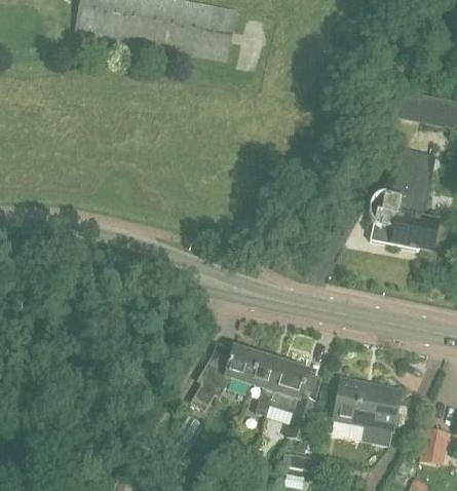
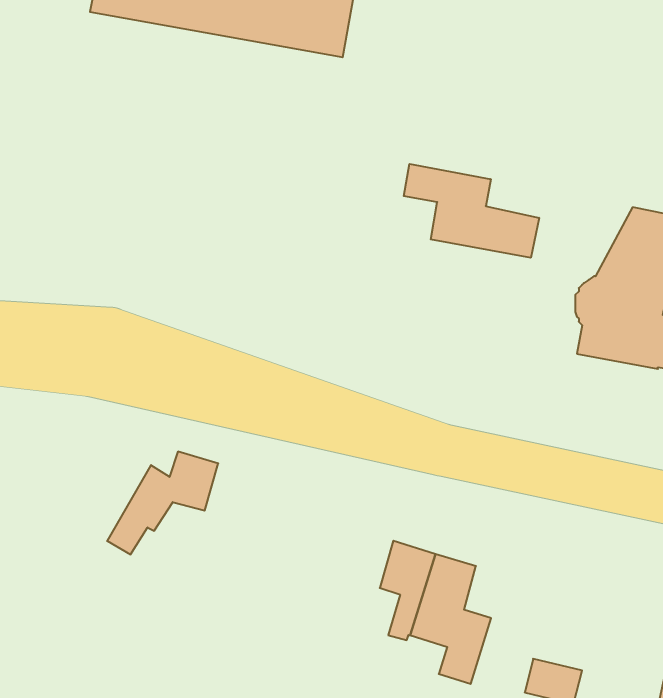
building: none -> [404,164,539,258]
building: [191,346,259,409] -> [107,452,218,554]
building: [336,379,402,430] -> none

